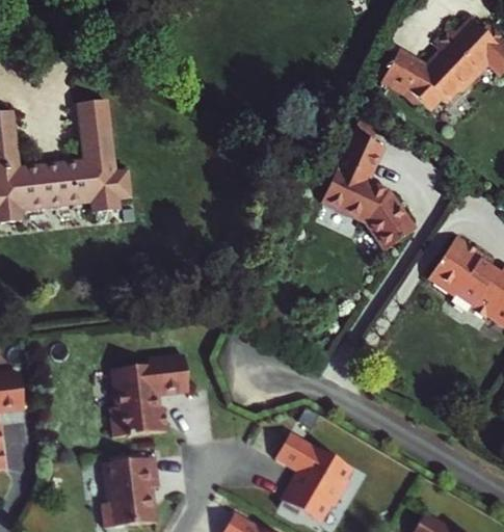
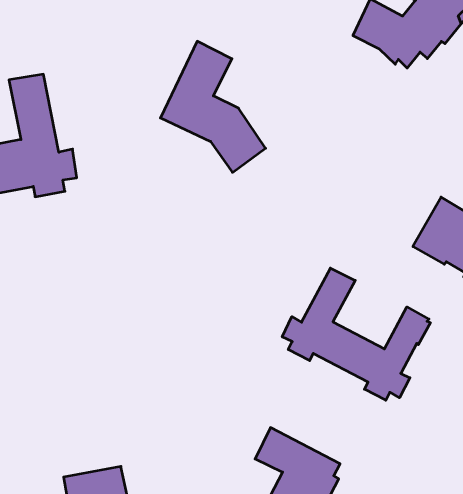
building: [321,134,414,254] -> [160,41,266,172]
building: none -> [282,268,430,400]
building: [109,355,189,435] -> none

